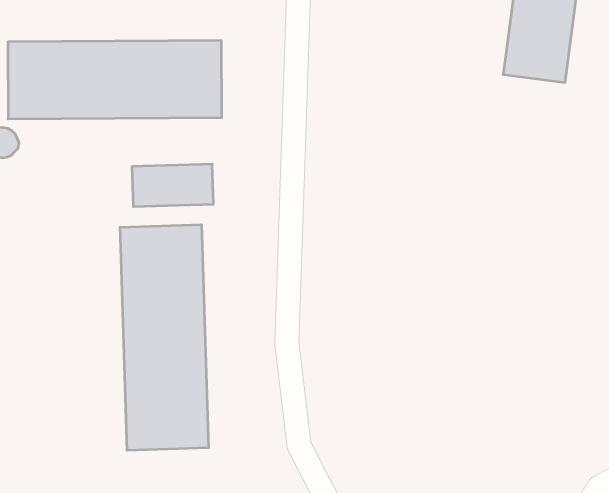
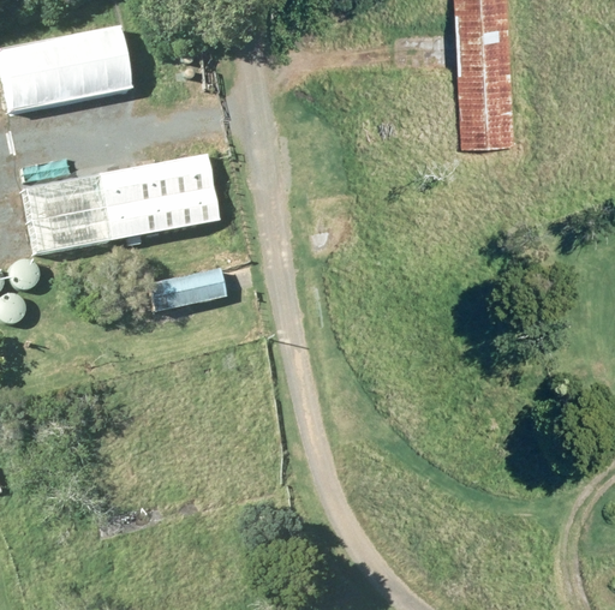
building: [120,225,209,450] -> none

